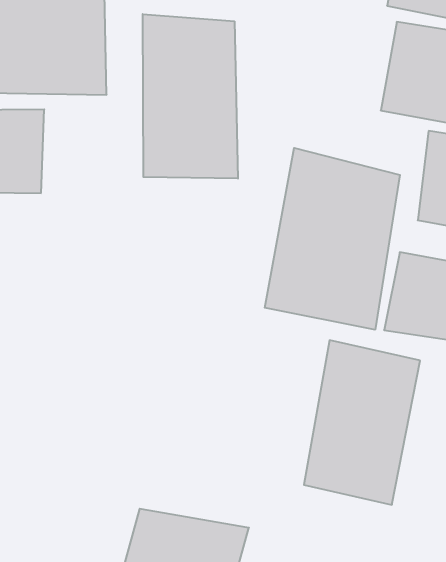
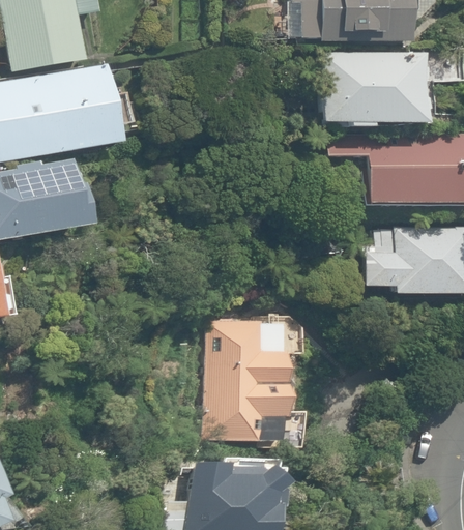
building: [143,14,238,179] -> none
building: [265,148,400,330] -> none
building: [304,340,420,505] -> [219,321,294,441]

